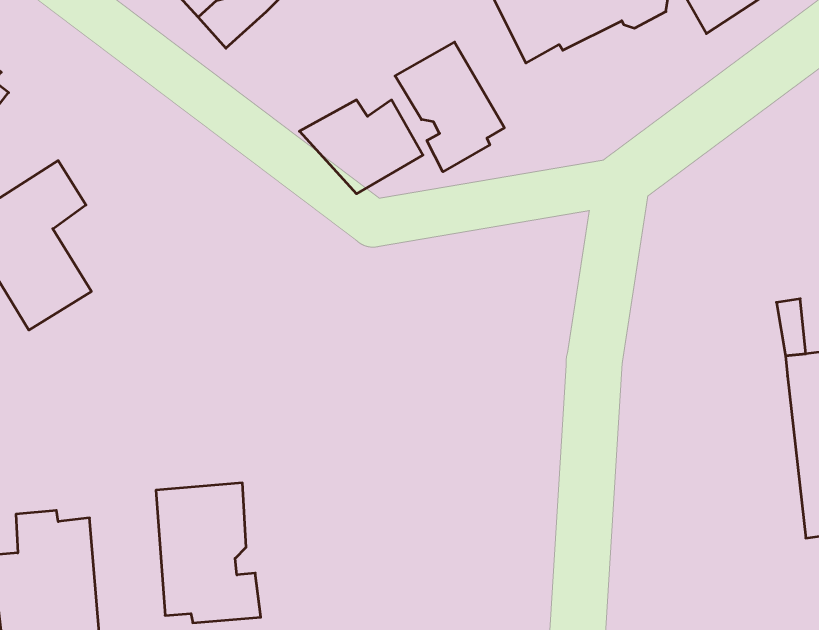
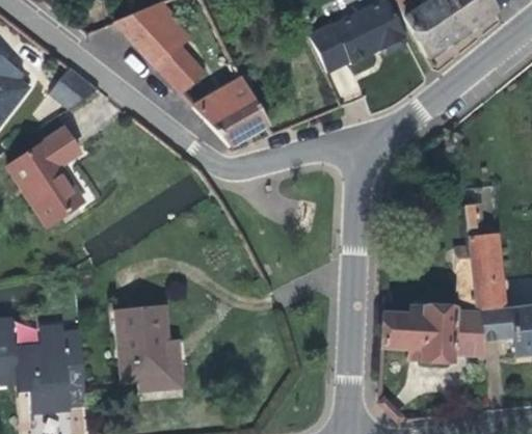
building: none -> [155,43,209,98]
building: [395,42,504,172] -> none
building: none -> [52,74,101,110]
building: none -> [381,248,484,360]

